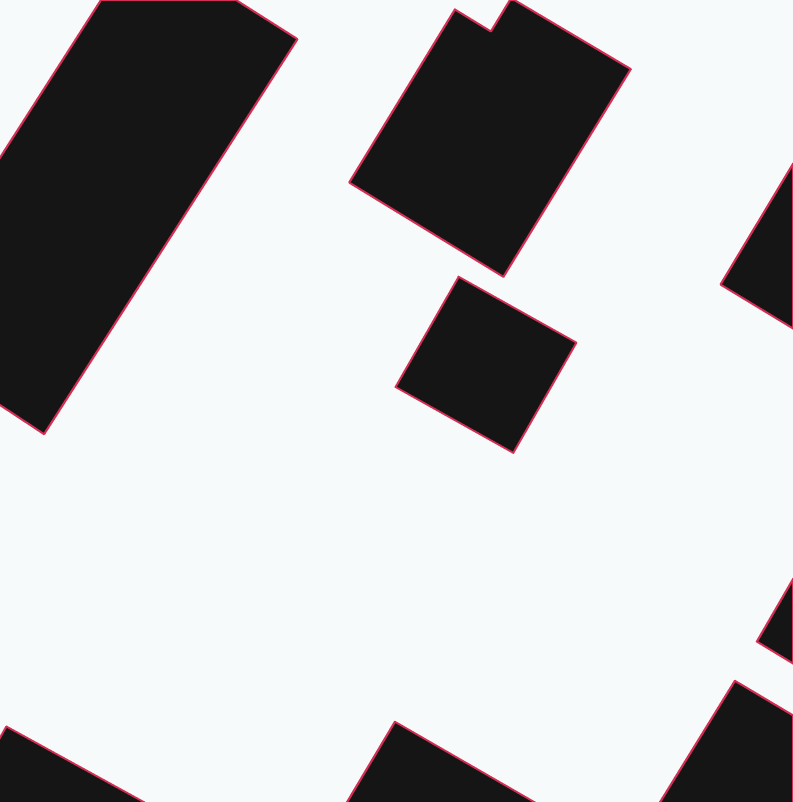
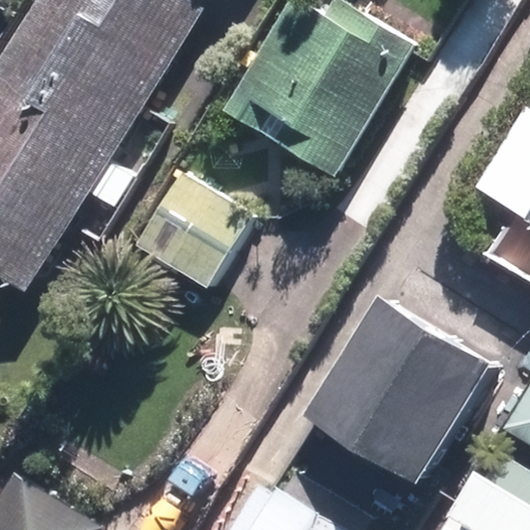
building: [395,277,576,453] -> [140,176,259,292]
building: none -> [300,290,487,477]

